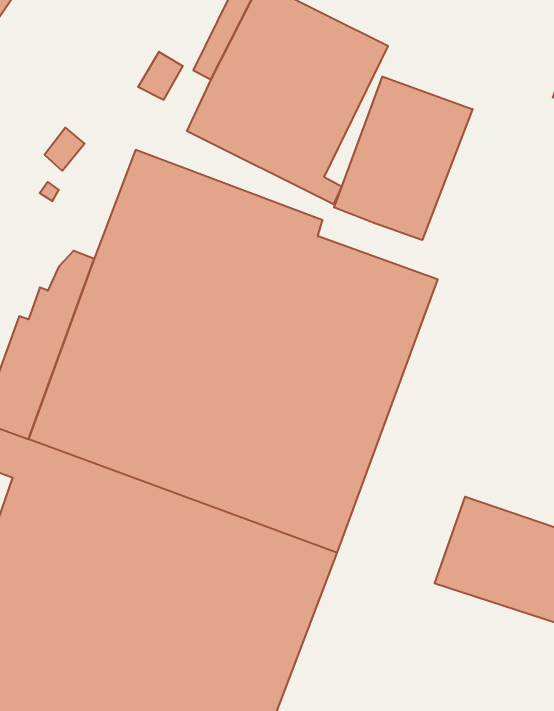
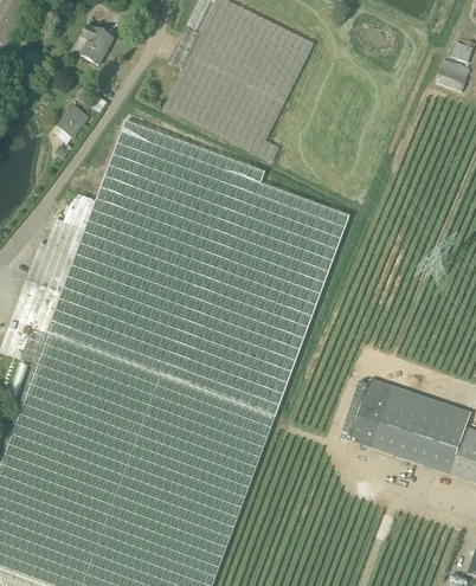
building: [138,52,183,100] -> [79,27,112,63]
building: [334,77,473,240] -> none

